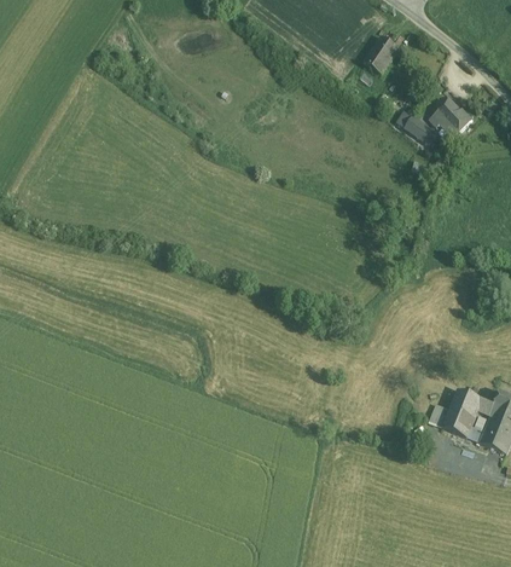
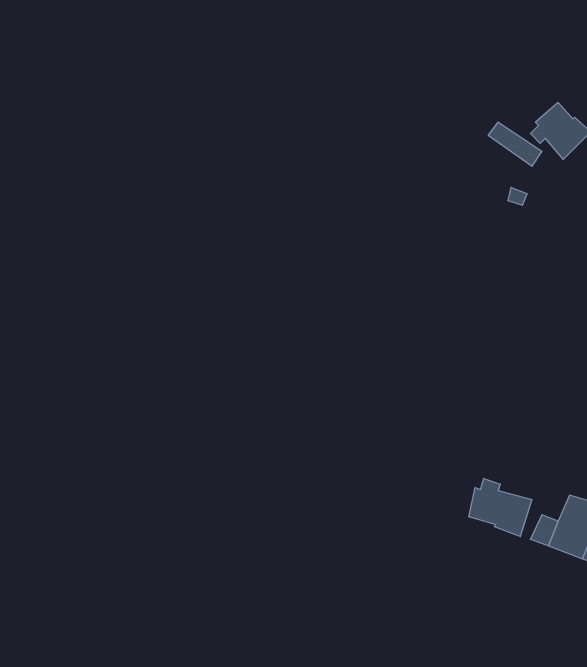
building: [364,34,400,73] -> none
building: none -> [469,478,532,537]

